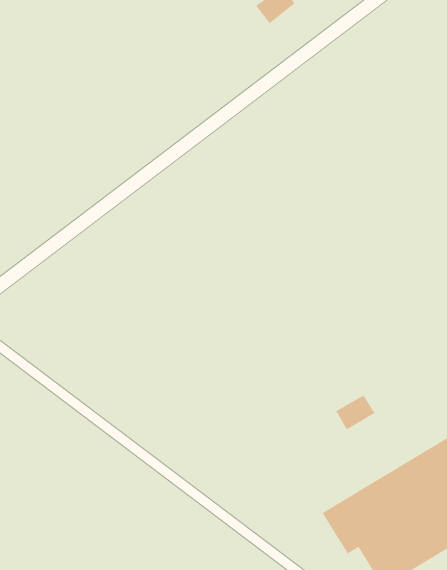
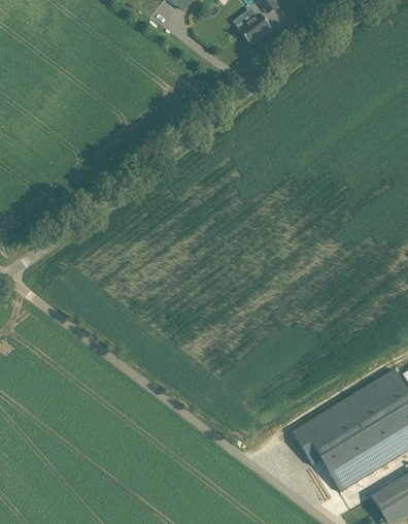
building: [335,395,376,431] -> none

